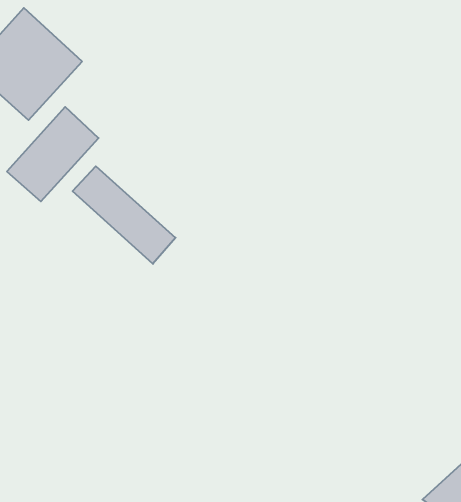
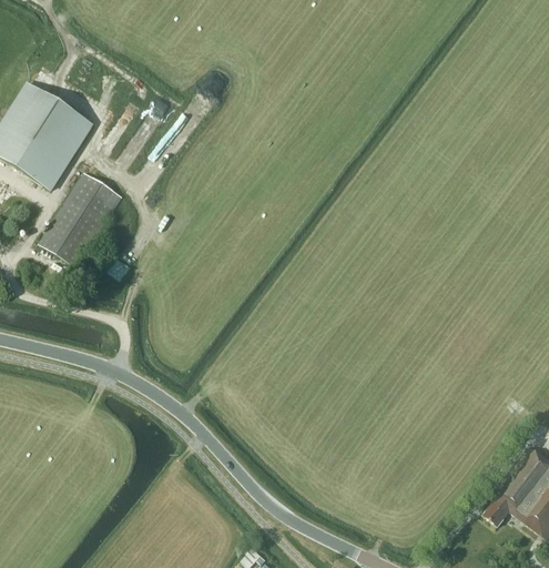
building: [73,166,176,264] -> none

